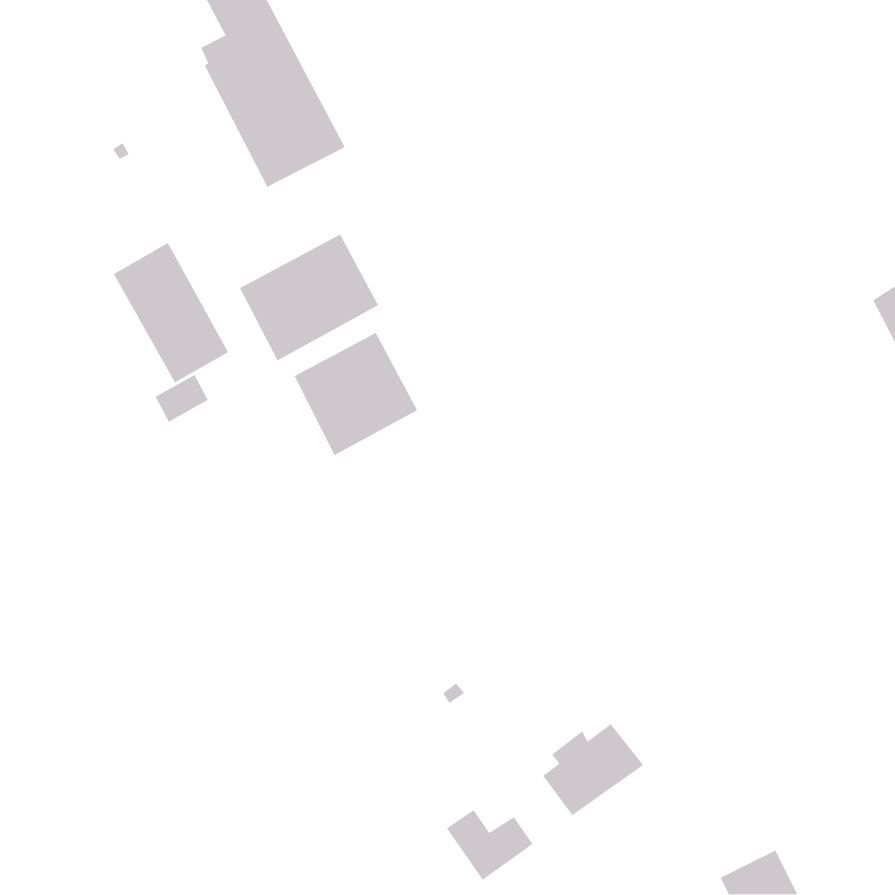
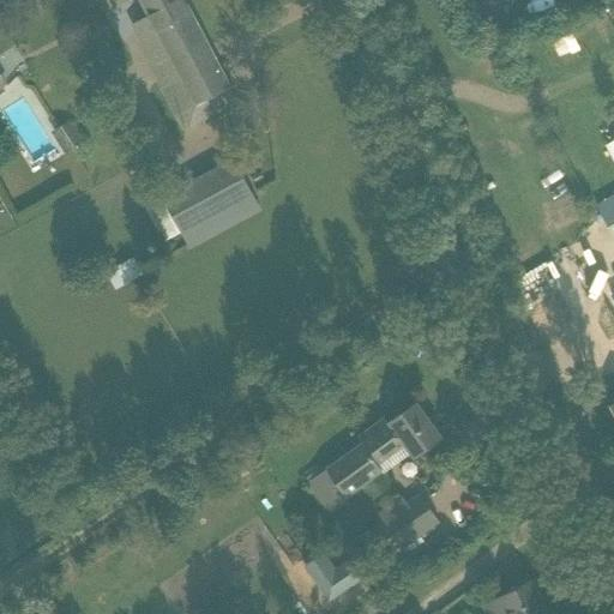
building: [113,242,229,383] -> none
building: [293,332,418,456] -> none
building: none -> [311,402,443,510]

